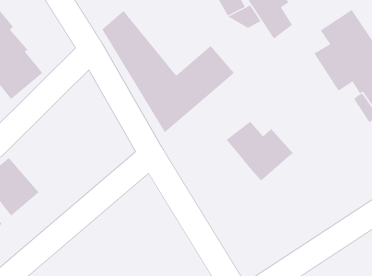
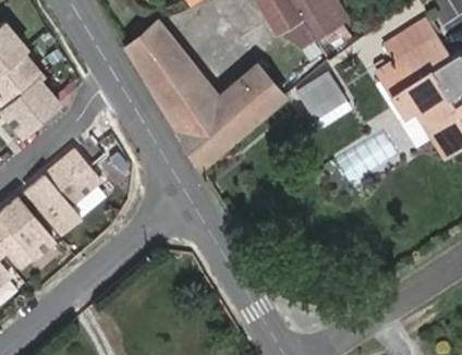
building: none -> [301,72,343,115]
building: none -> [26,148,101,232]
building: [226,121,294,182] -> none

